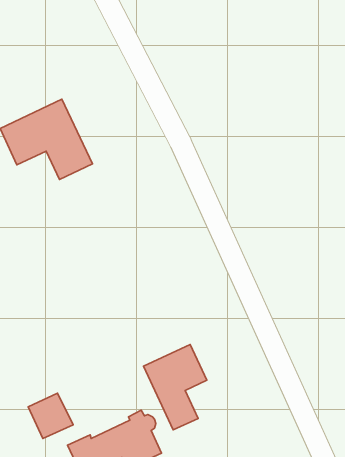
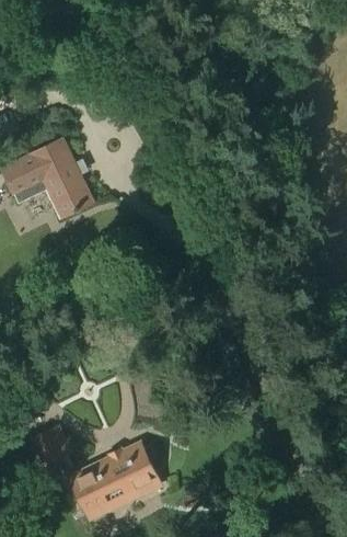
building: [143,344,207,430] -> none

